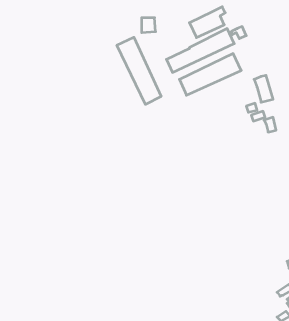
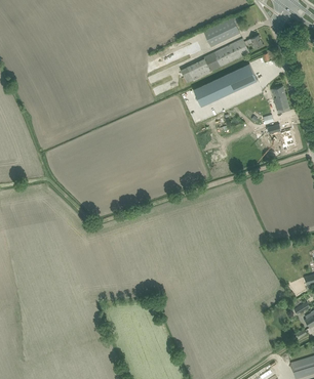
building: [117,37,161,104] -> none

